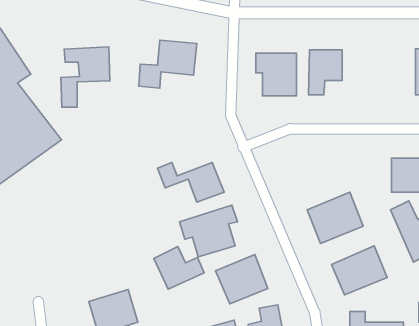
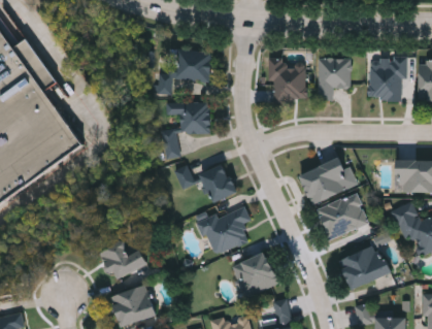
building: [61,47,110,107] -> [163,101,209,158]
building: none -> [368,58,404,101]
building: none -> [299,157,355,204]
building: [154,246,204,289] -> [99,240,146,281]

